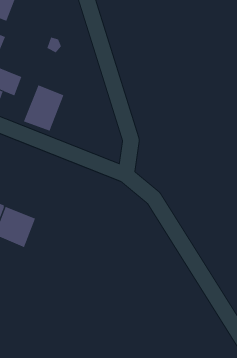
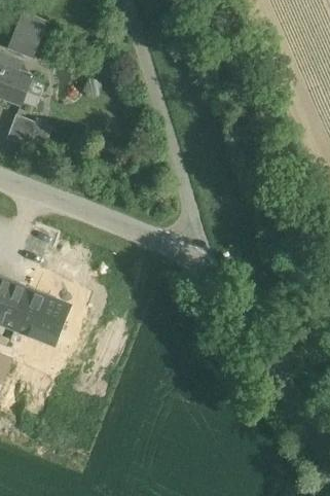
building: [23,84,64,132] -> none

